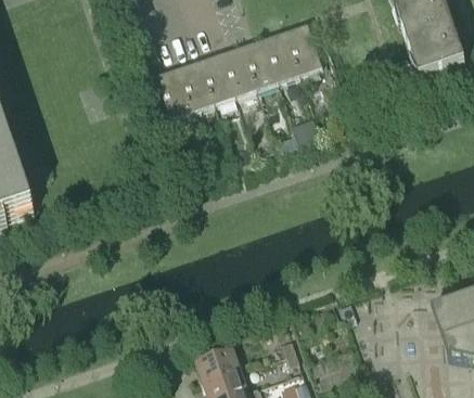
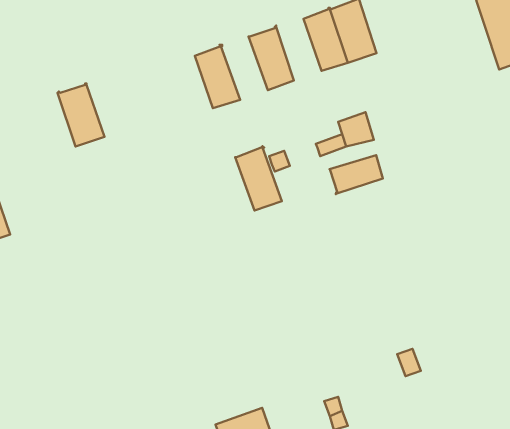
building: [243,38,279,88] -> none
building: [200,52,236,103] -> [235,146,282,211]
building: [156,67,193,117] -> [58,83,104,147]
building: none -> [329,155,383,194]

